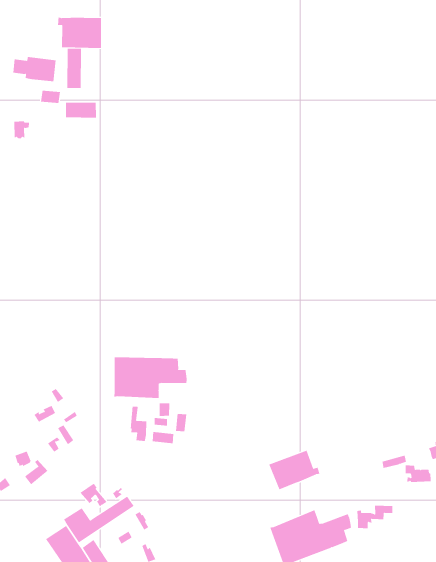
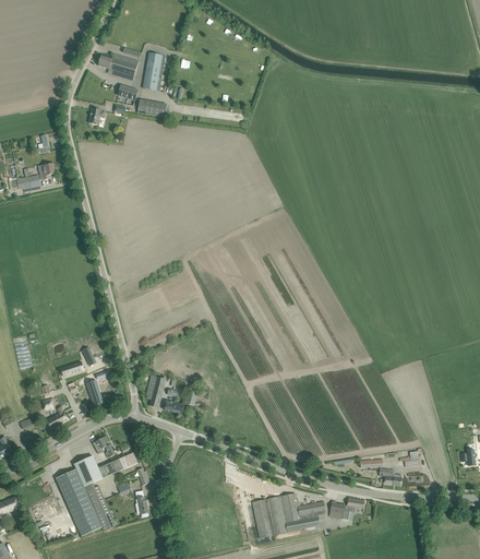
building: [57,17,102,49] -> none
building: [114,357,187,399] -> none
building: [268,450,320,490] -> none

